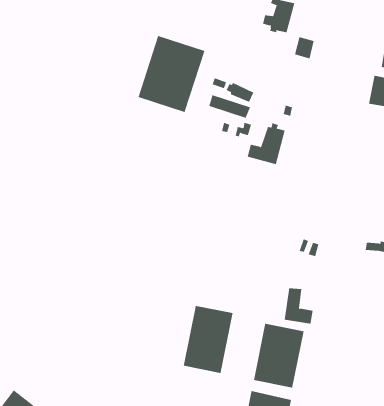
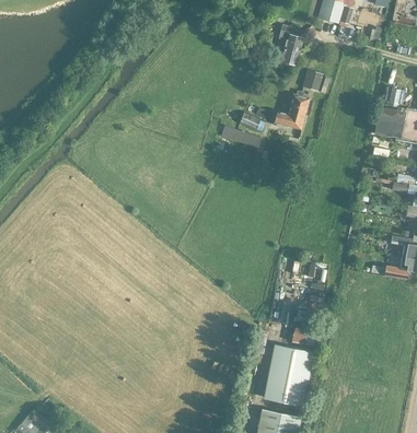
building: [138,35,205,113] -> none
building: [247,123,286,165] -> [273,90,310,130]
building: [183,305,233,374] -> none

